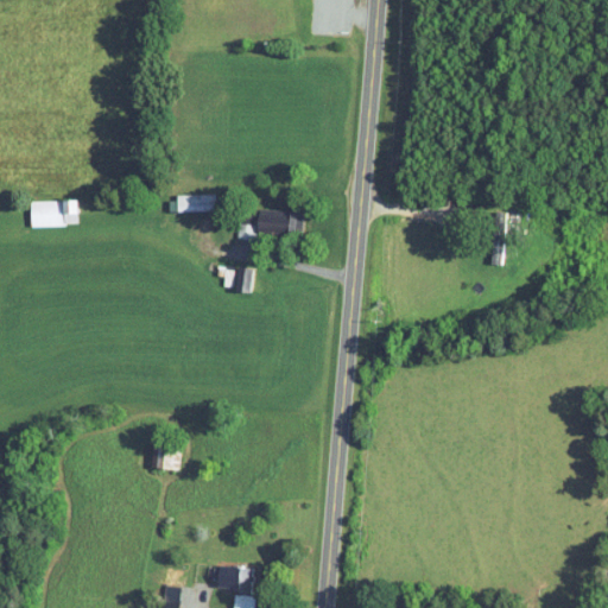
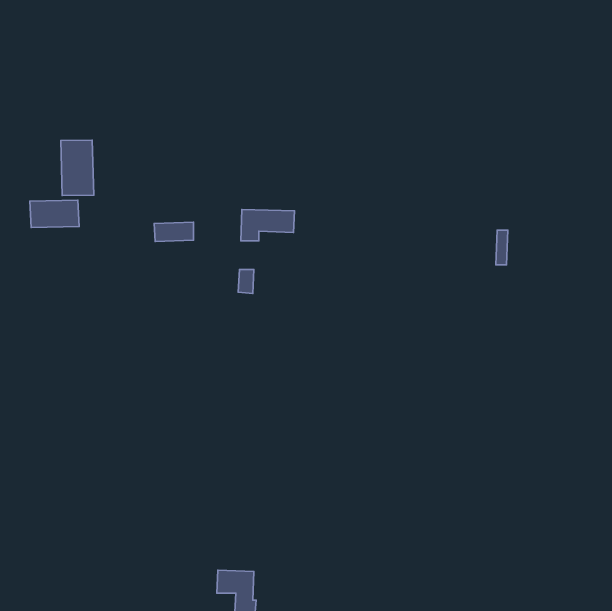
building: none -> [61,140,94,195]
building: [176,194,215,213] -> [154,222,194,241]

